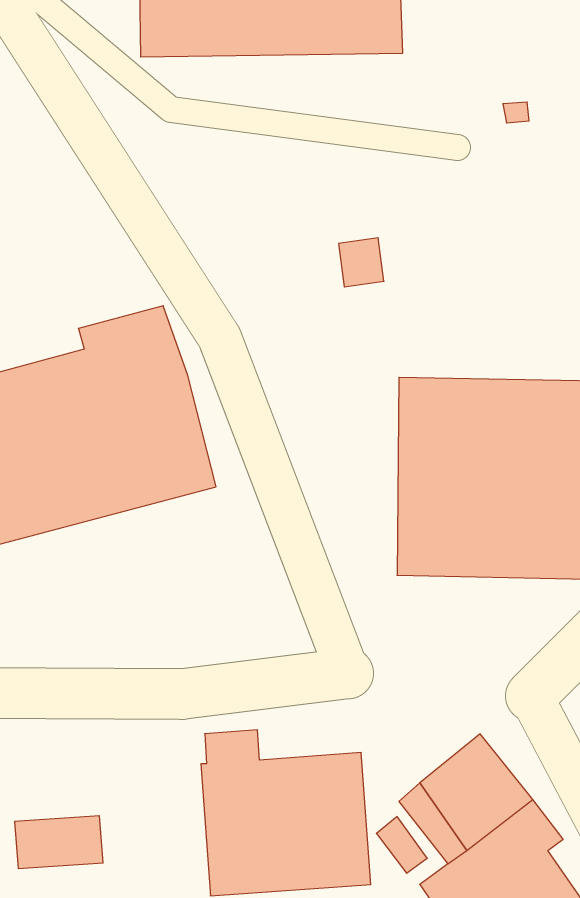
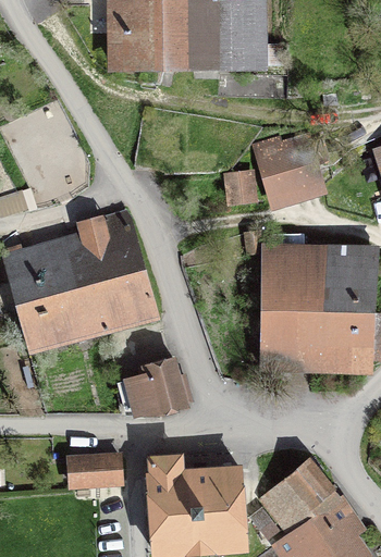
building: none -> [255,136,318,195]
building: none -> [120,358,189,414]
building: [15,816,103,869] -> [70,455,121,485]

